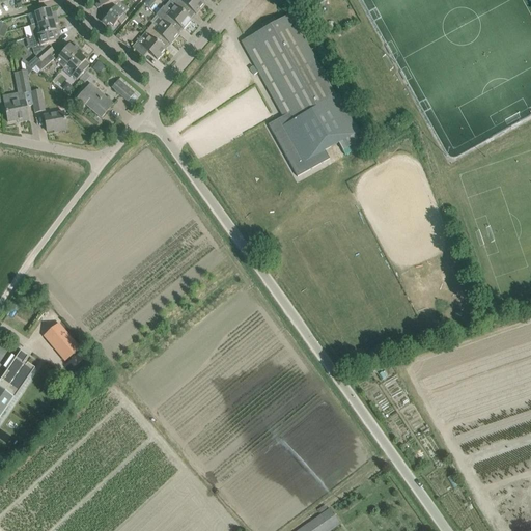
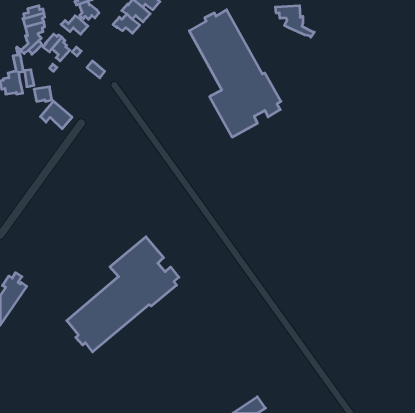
building: none -> [275,6,314,37]
building: [132,34,166,58] -> [61,16,88,34]
building: [73,82,113,117] -> [40,101,72,129]
building: none -> [67,237,179,352]
building: [45,323,83,363] -> none

